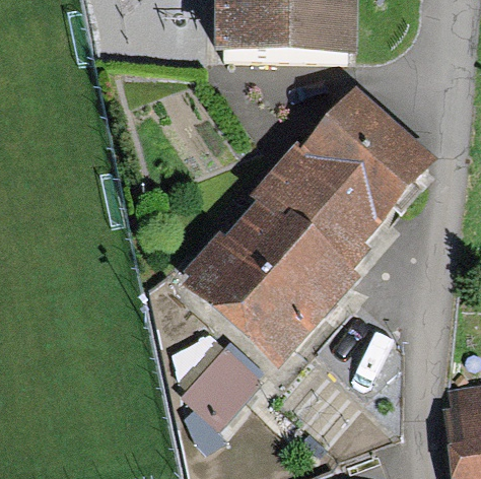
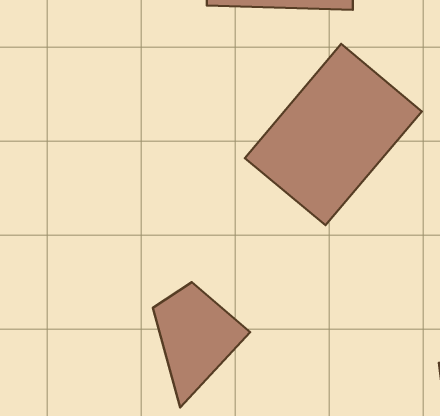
building: [186,200,344,357] -> none

